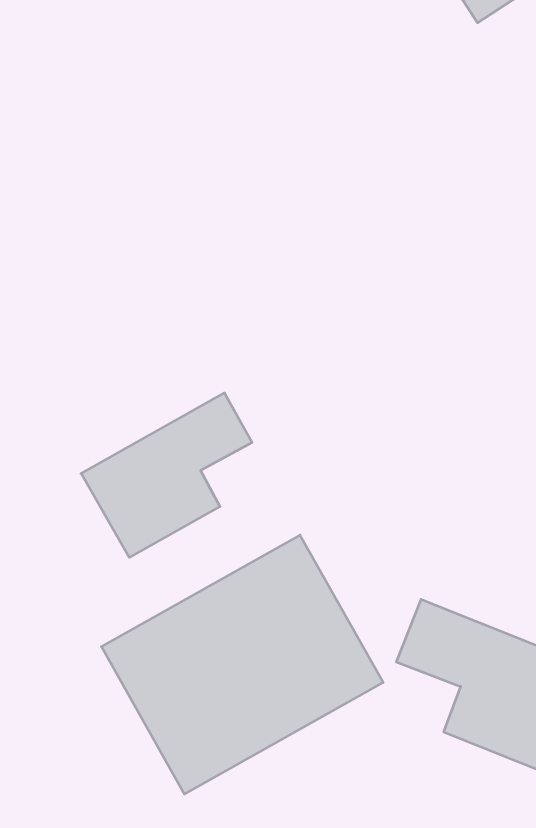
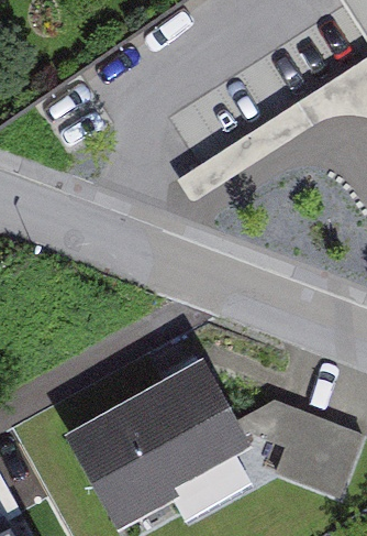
building: [81,393,252,557] -> none

